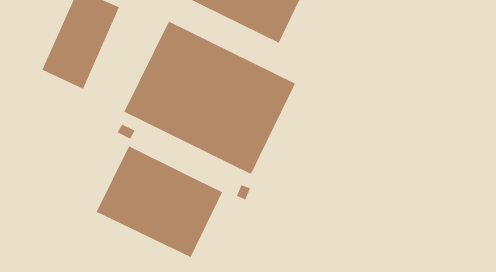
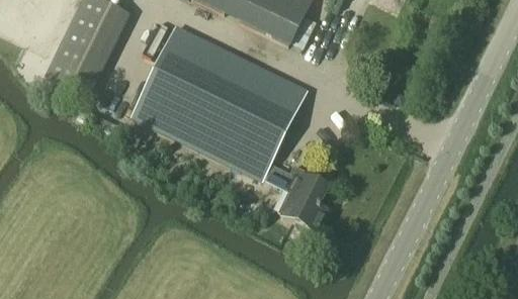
building: [96,146,223,258] -> none
building: none -> [263,163,326,232]

